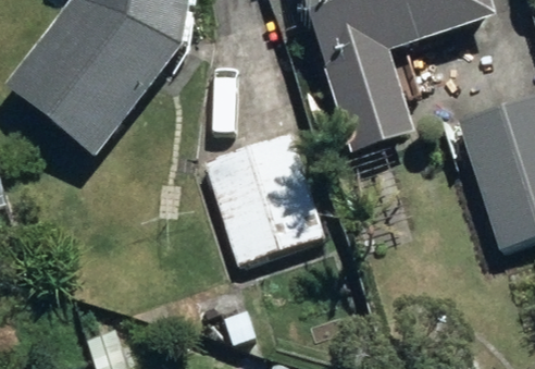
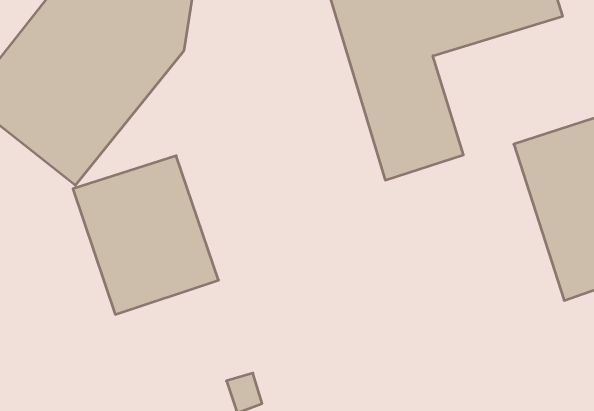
building: [201,133,321,263] -> [73,156,219,314]

